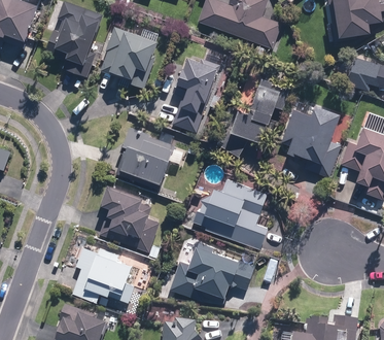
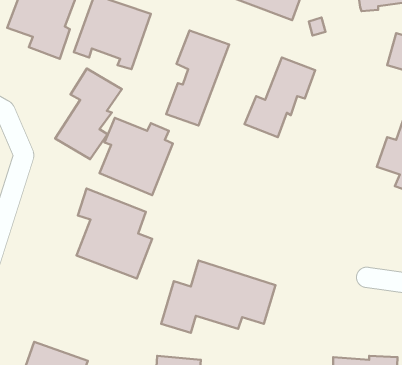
building: none -> [55,69,122,159]
building: [282,103,344,179] -> none
building: [190,179,268,248] -> none
building: [72,246,135,302] -> none

